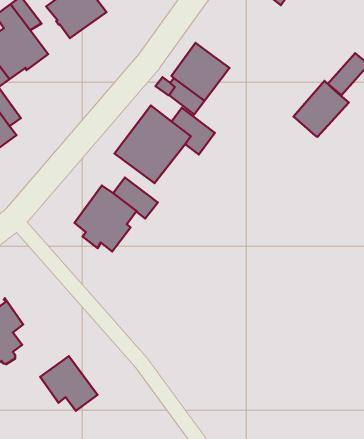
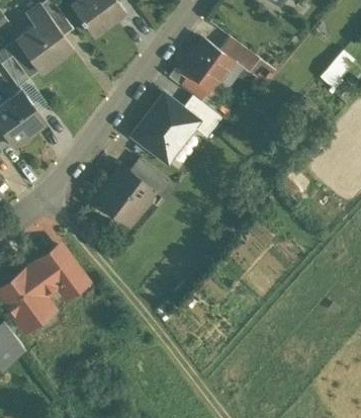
building: none -> [220,37,259,73]
building: [293,81,349,137] -> none
building: [40,356,97,411] -> [35,248,86,297]

